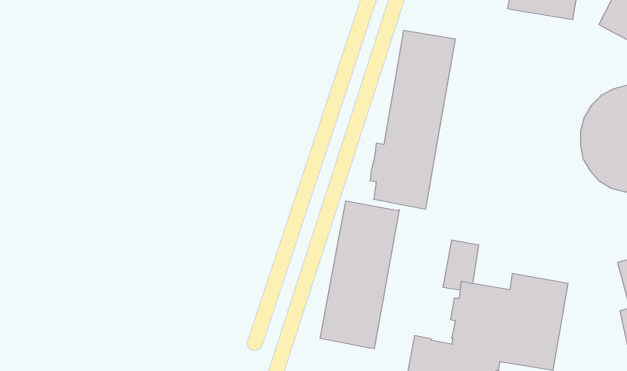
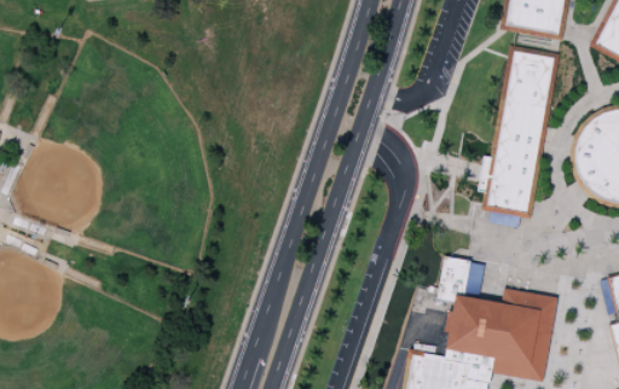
building: [370,31,456,209] -> [479,46,562,220]
building: [320,201,399,349] -> none

